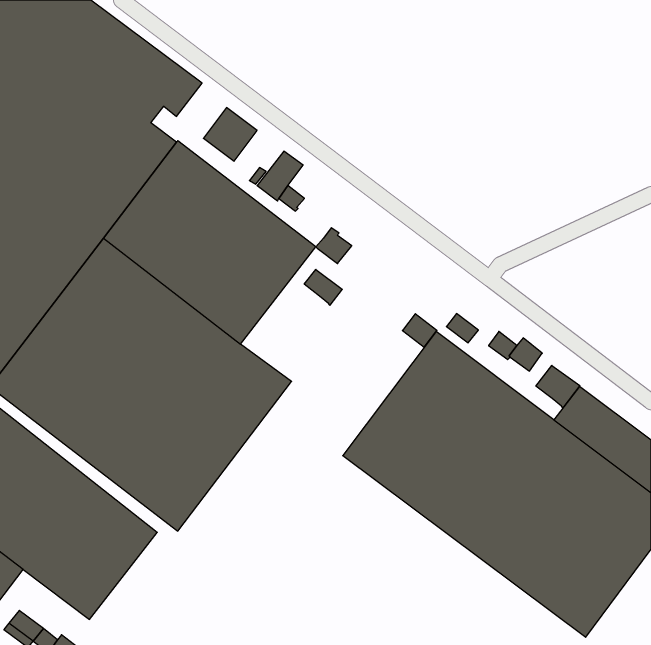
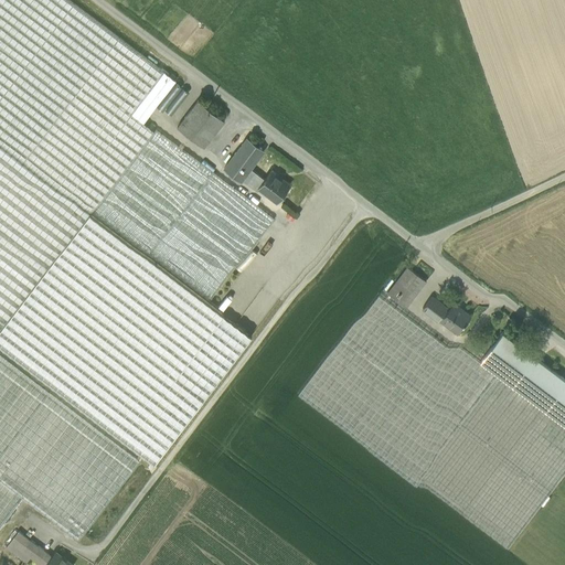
building: [316,228,352,264] -> [256,170,287,201]
building: [304,269,342,305] -> none
building: [402,314,437,347] -> [394,264,424,292]
building: [536,365,580,408] -> none

